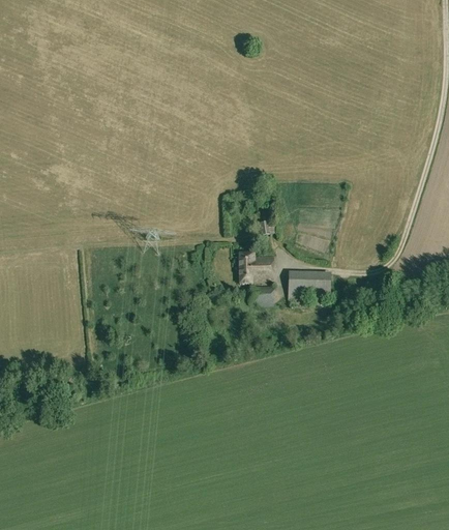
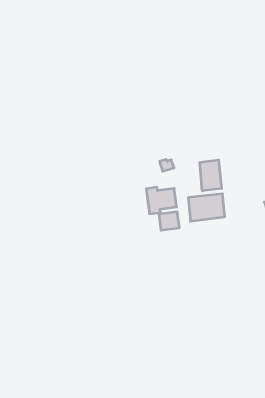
building: none -> [200,160,222,191]

